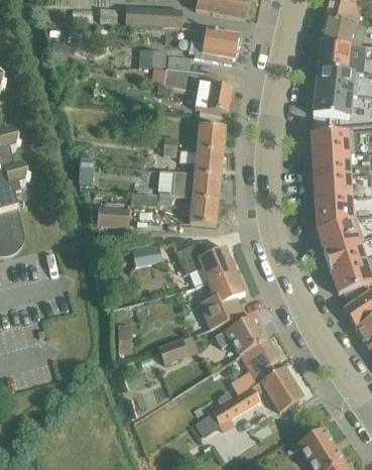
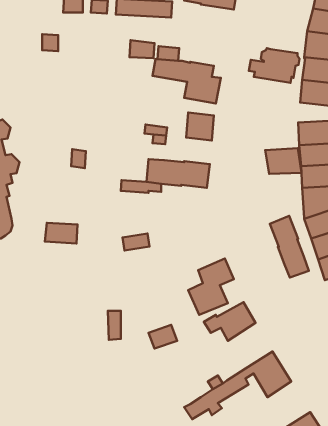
building: [189,28,240,64] -> [249,48,299,83]
building: [179,148,223,175] -> none
building: none -> [265,148,301,174]
building: [190,197,218,225] -> none
building: [95,206,128,227] -> [45,223,77,244]
building: none -> [270,216,309,278]
building: [176,240,236,287] -> none
building: [232,337,284,395] -> none

